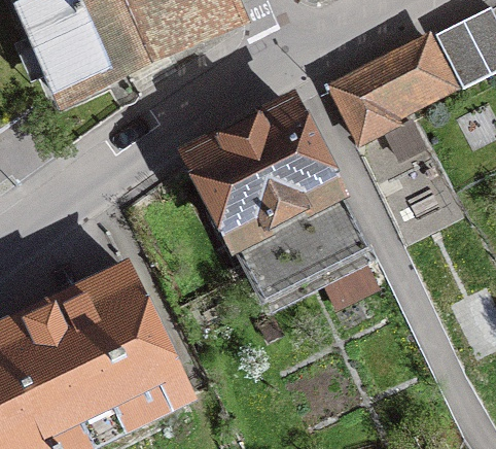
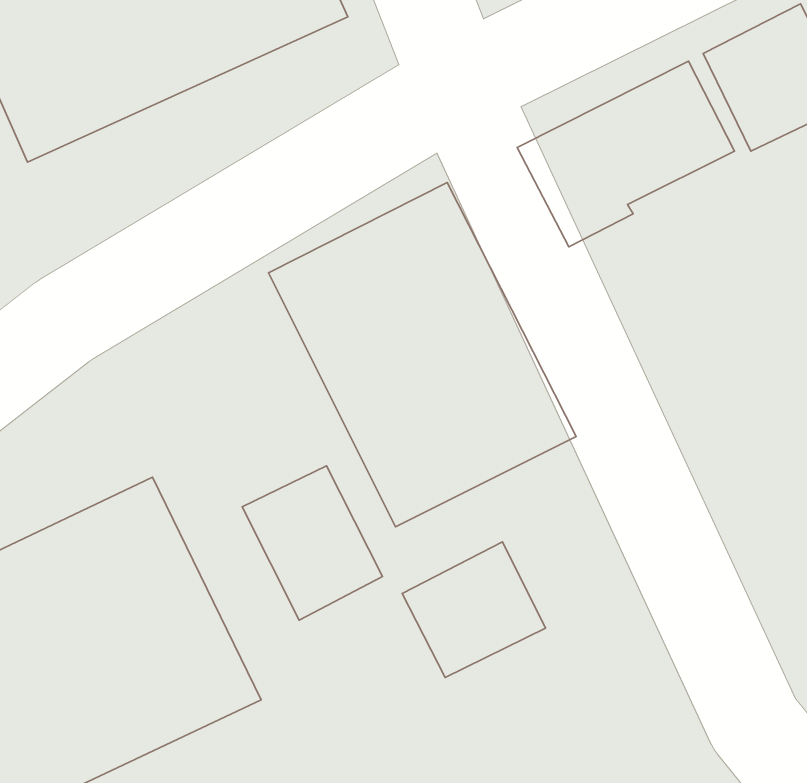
building: none -> [242,466,383,620]
building: none -> [402,542,546,678]

